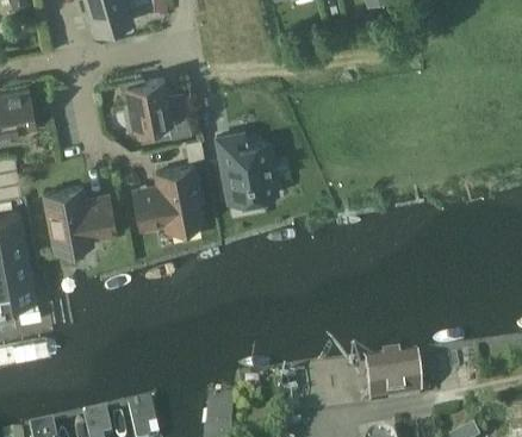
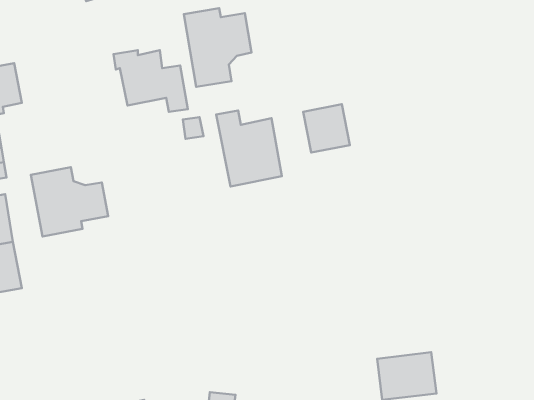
building: none -> [184,8,251,87]
building: none -> [303,104,350,152]
building: [133,164,204,229] -> none

